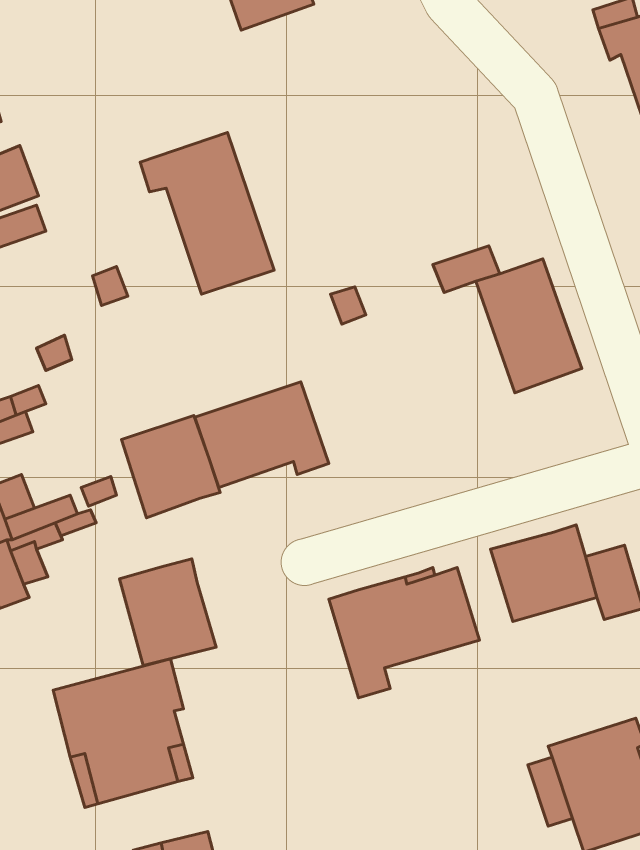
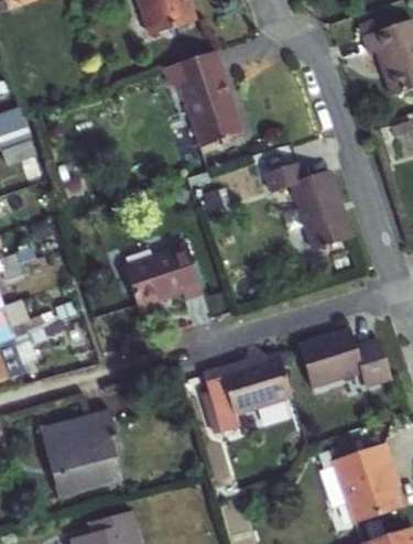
building: [140,132,274,294] -> [163,51,242,146]
building: [121,415,220,518] -> none
building: [120,559,216,666] -> none

